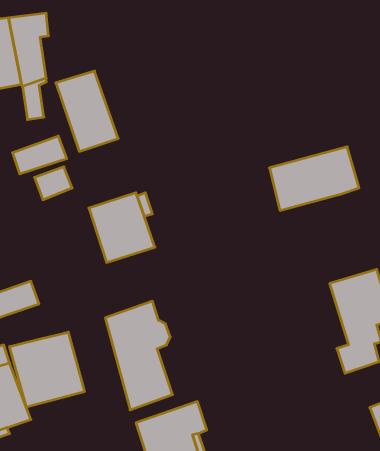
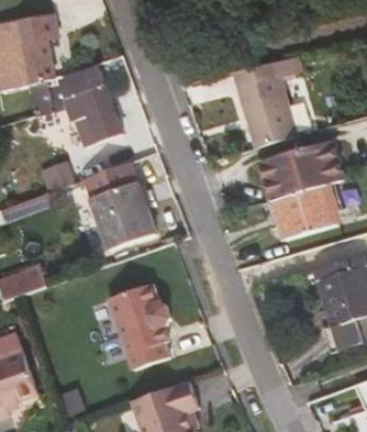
building: none -> [234,55,301,146]
building: [12,136,67,174] -> [86,162,136,197]
building: none -> [262,184,338,239]
building: [10,332,84,407] -> none

